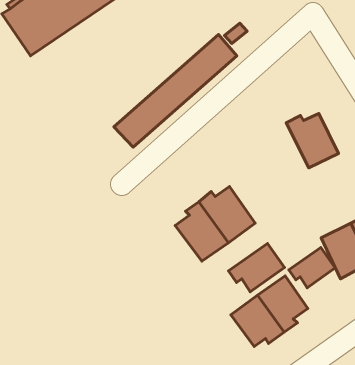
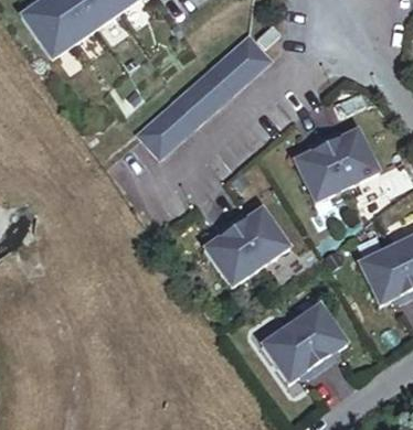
building: none -> [294,136,347,200]
building: [228,243,285,292] -> none
building: [289,247,335,288] -> none

